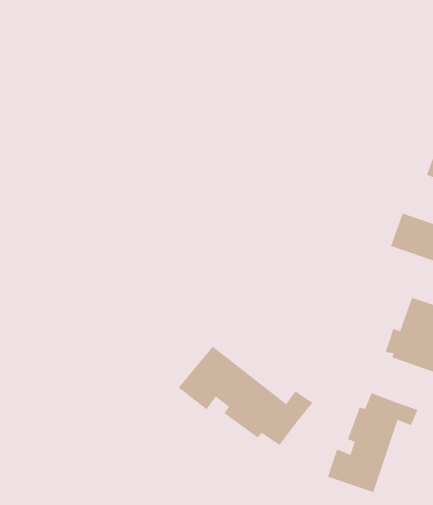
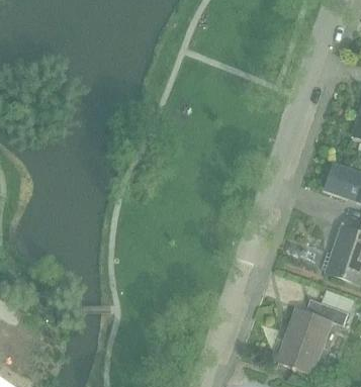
building: [178,346,313,446] -> none

